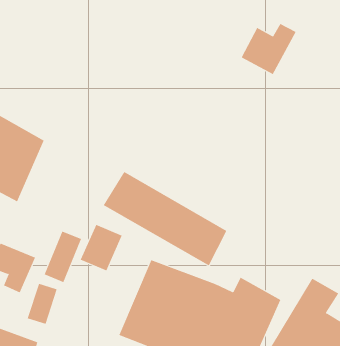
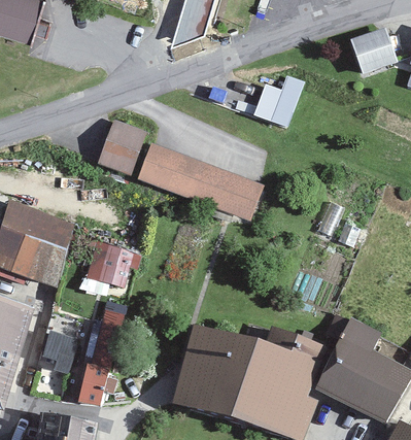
building: none -> [97,120,144,173]
building: [103,171,227,266] -> [140,141,265,222]
building: [80,224,123,271] -> [98,243,136,287]

